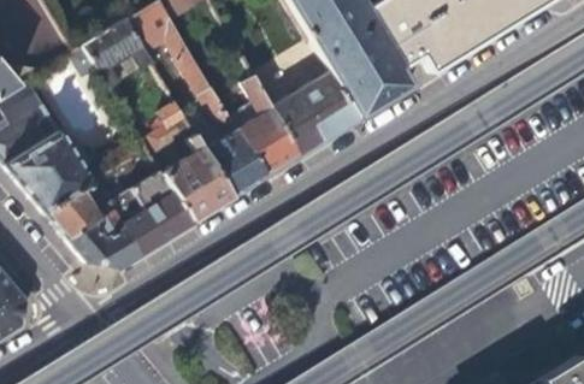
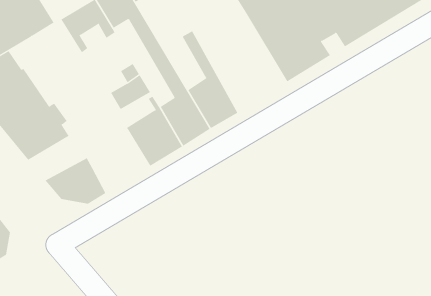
building: [243,37,358,156] -> none
building: [123,175,191,254] -> none
building: [43,181,116,238] -> none

